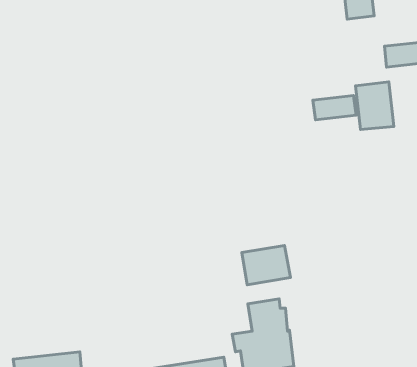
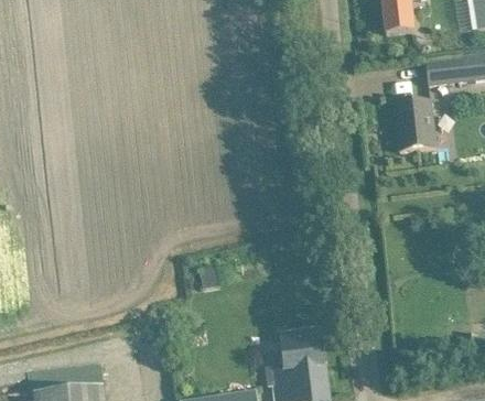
building: [313,96,356,120] -> none
building: [242,245,291,285] -> none

